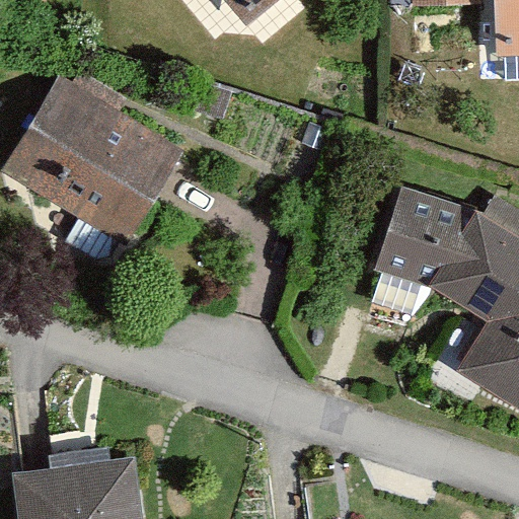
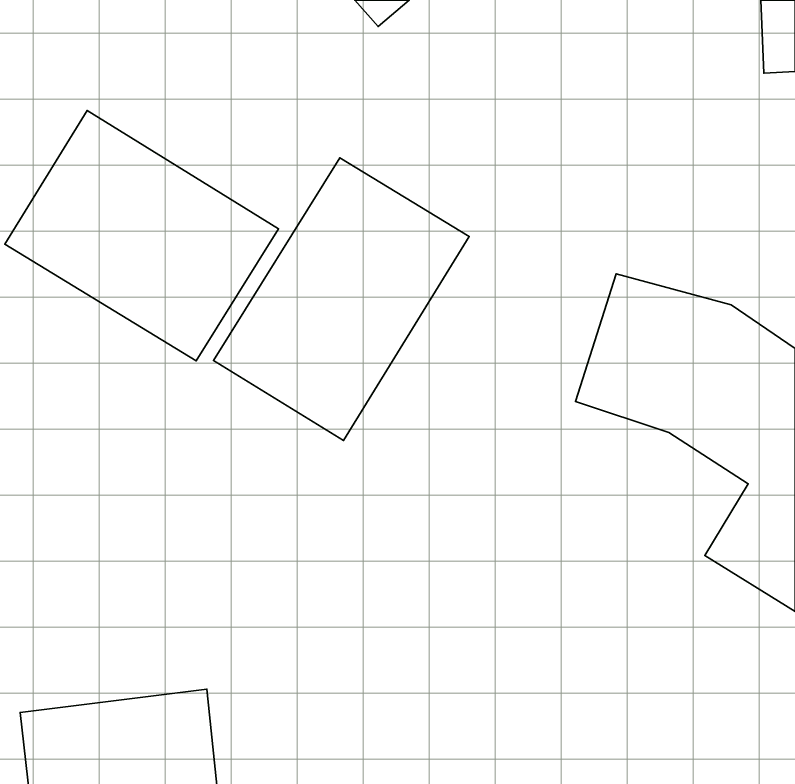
building: none -> [214,158,469,441]

